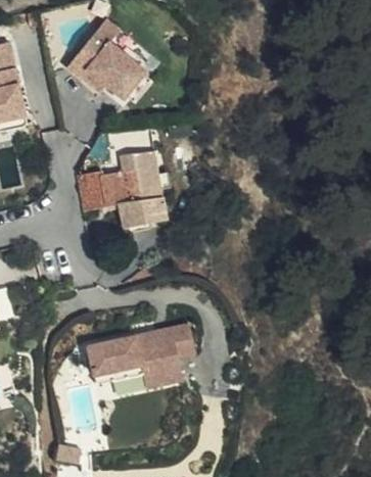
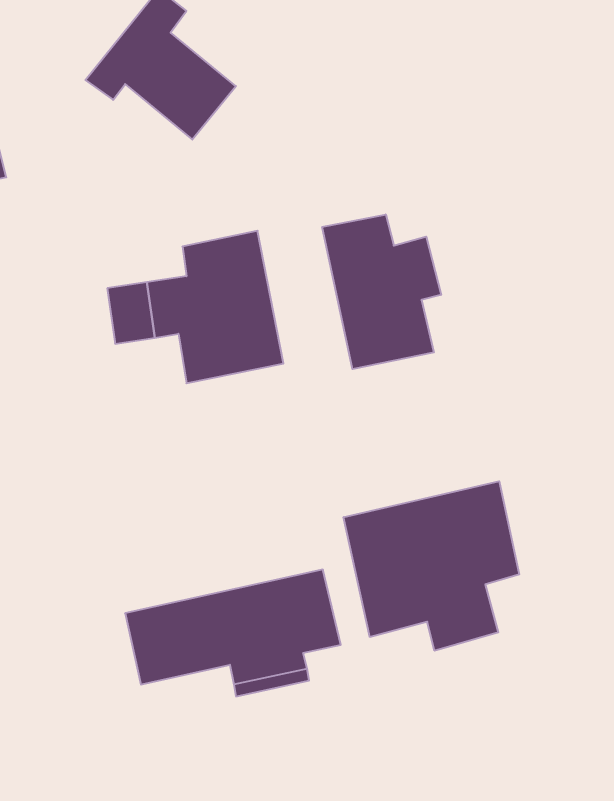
building: none -> [322,214,441,369]
building: none -> [344,481,519,651]

